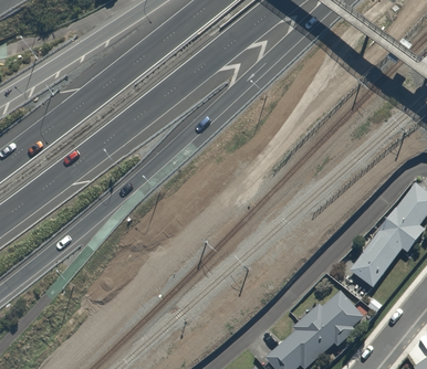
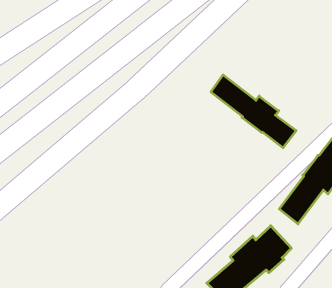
building: none -> [211,75,296,148]

